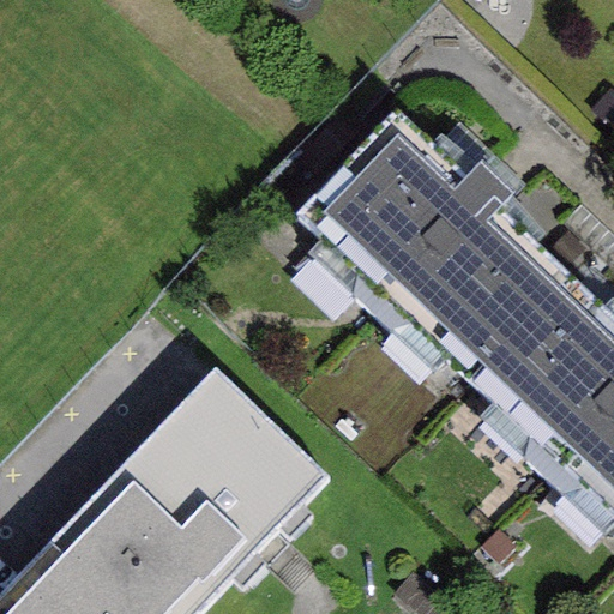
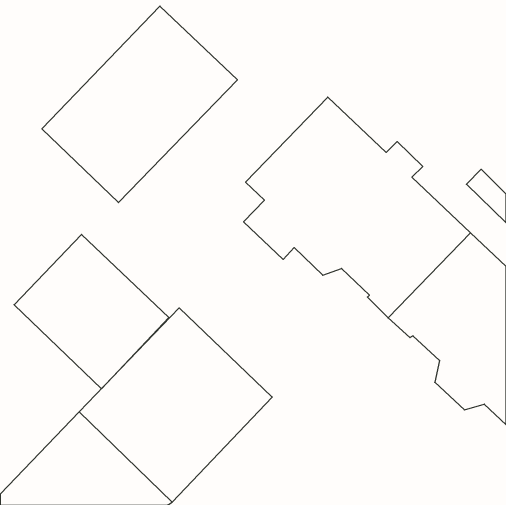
building: none -> [42,6,237,203]
building: none -> [14,234,169,389]

